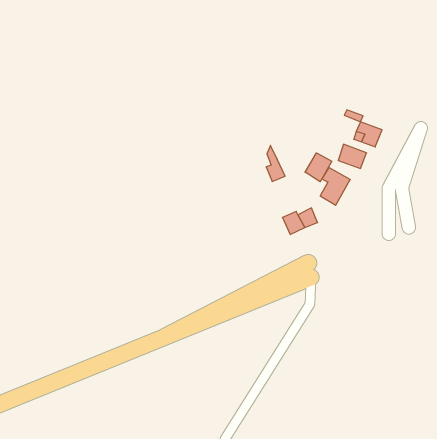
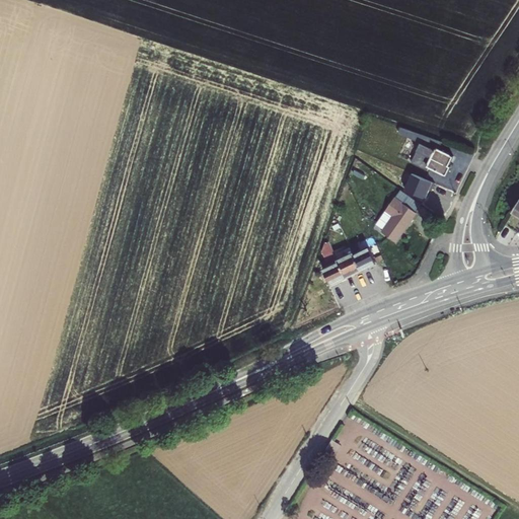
building: [266,145,285,181] -> [320,240,343,283]
building: [305,153,332,182] -> none

